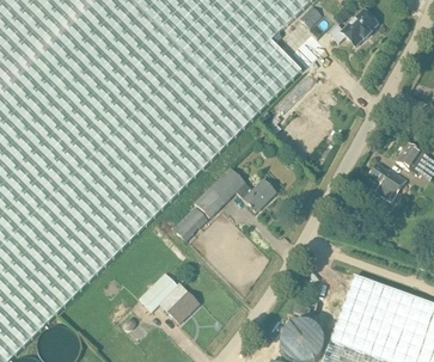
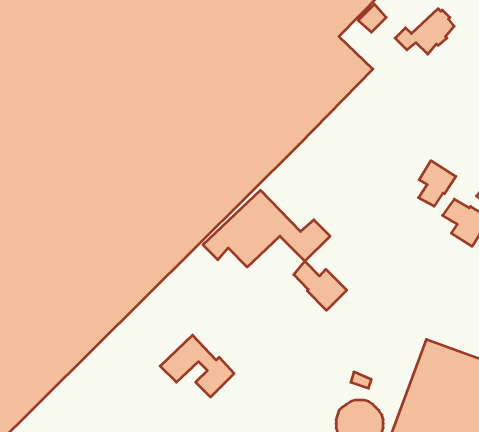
building: none -> [418,161,456,206]
building: [172,205,208,241] -> none
building: none -> [294,261,347,310]

